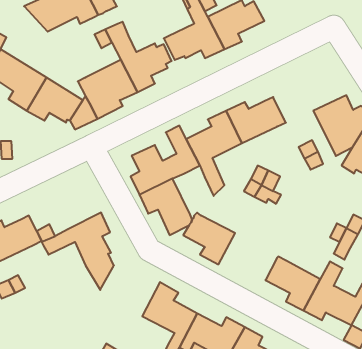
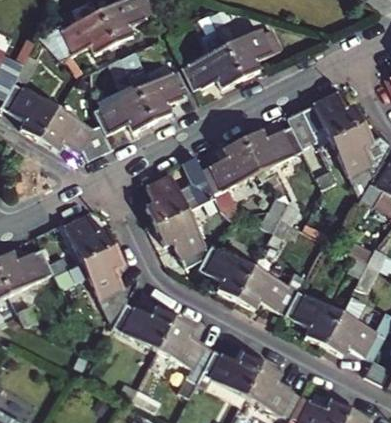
building: none -> [286,91,365,148]
building: none -> [63,214,114,261]
building: none -> [234,265,302,313]
building: none -> [112,300,174,350]

